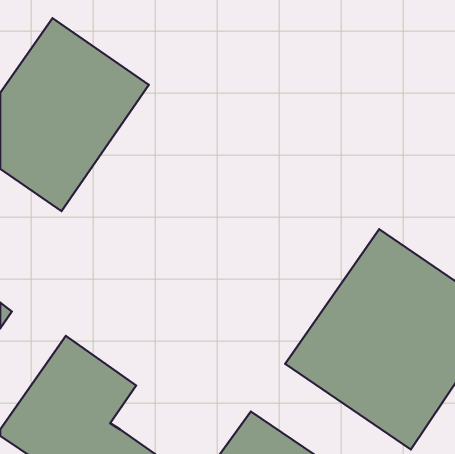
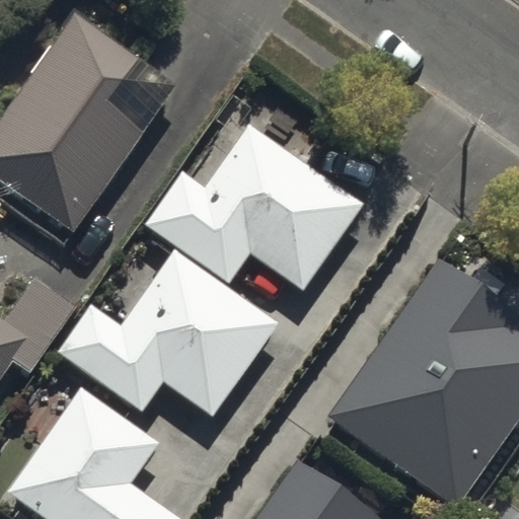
building: none -> [143,121,364,288]
building: none -> [56,249,277,417]

